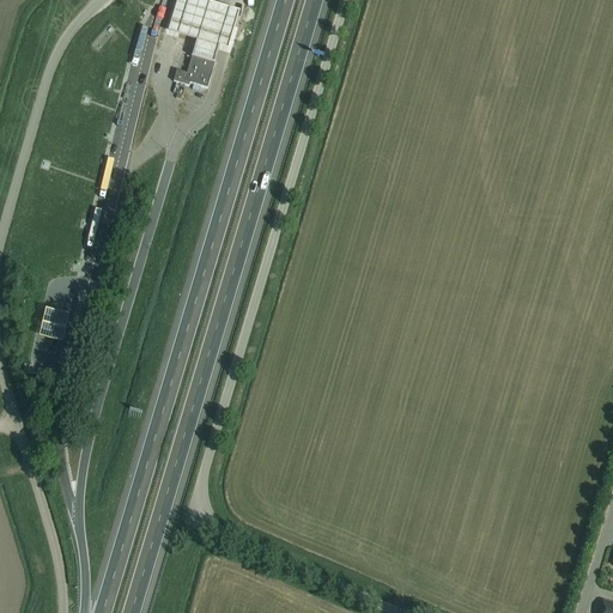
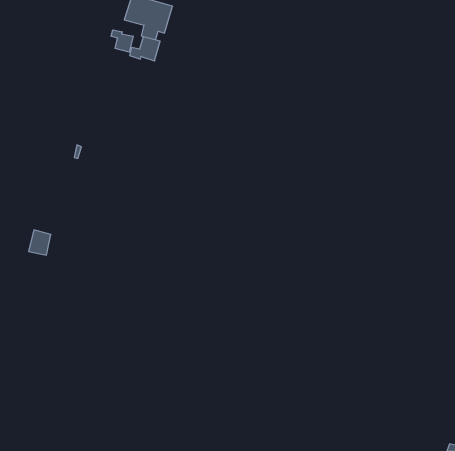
building: none -> [111,30,133,52]

